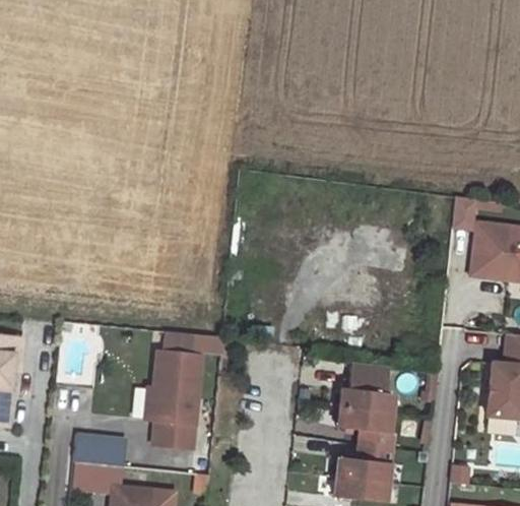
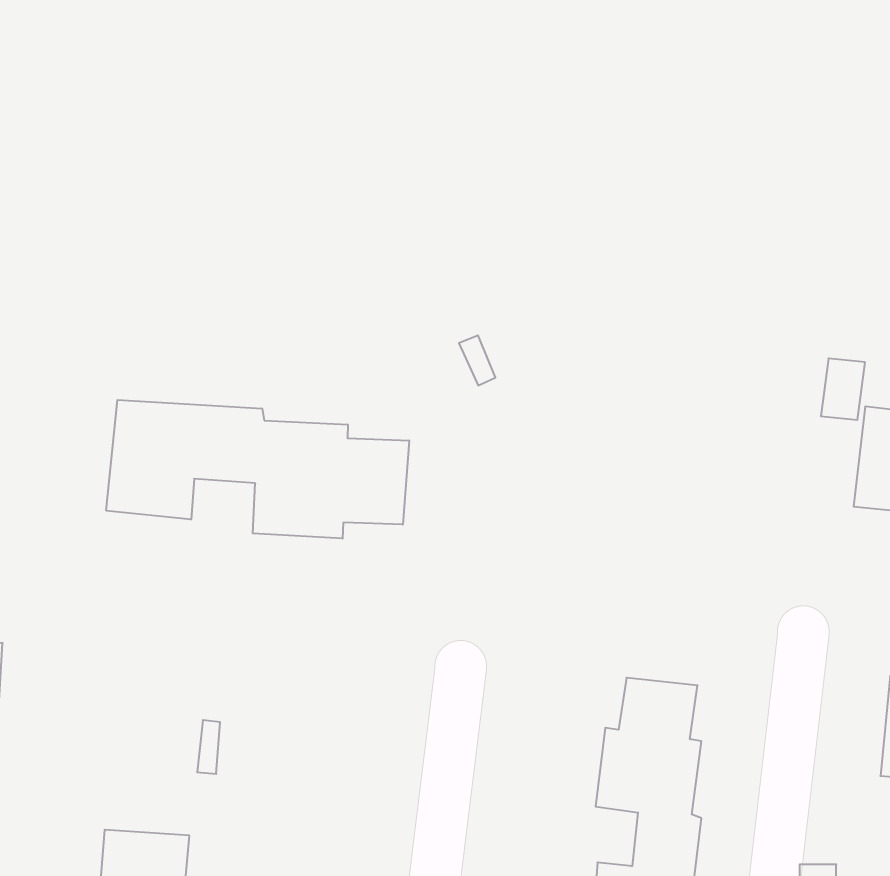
building: none -> [106,400,409,539]
building: [153,337,203,453] -> none

